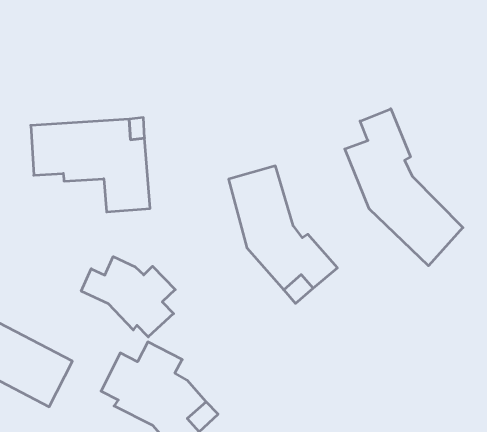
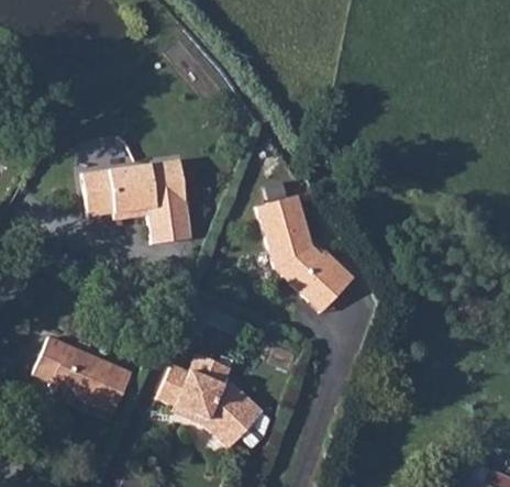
building: [345,109,463,266] -> none
building: [81,257,175,337] -> none

